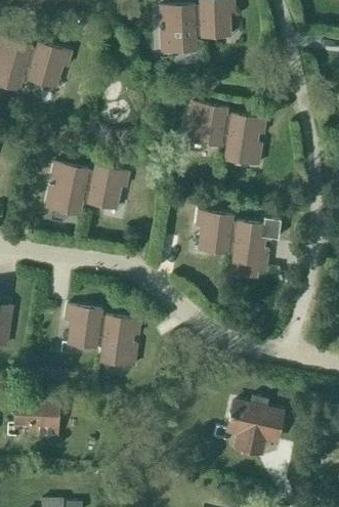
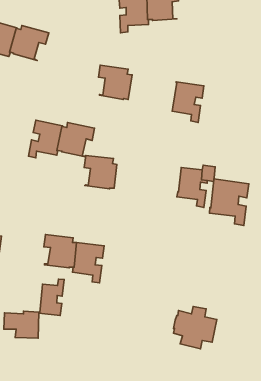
building: [189,103,231,146] -> [99,65,132,99]
building: [196,212,237,254] -> [84,155,117,189]
building: none -> [209,179,249,225]
building: none -> [39,279,64,316]

